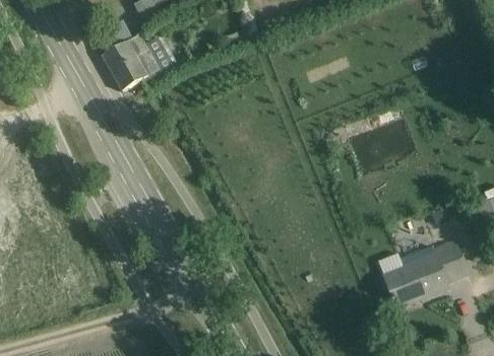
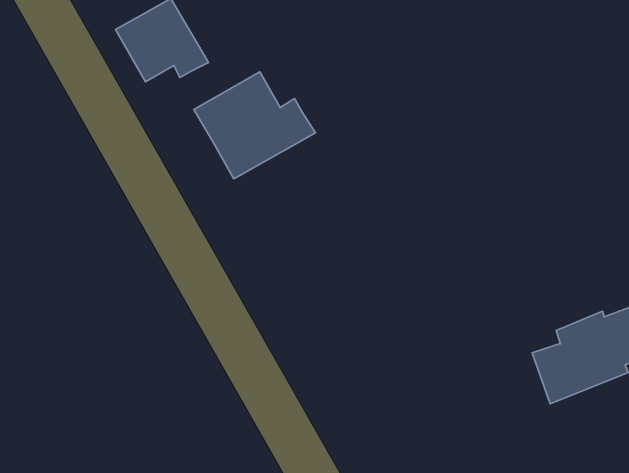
building: none -> [194,72,316,179]

